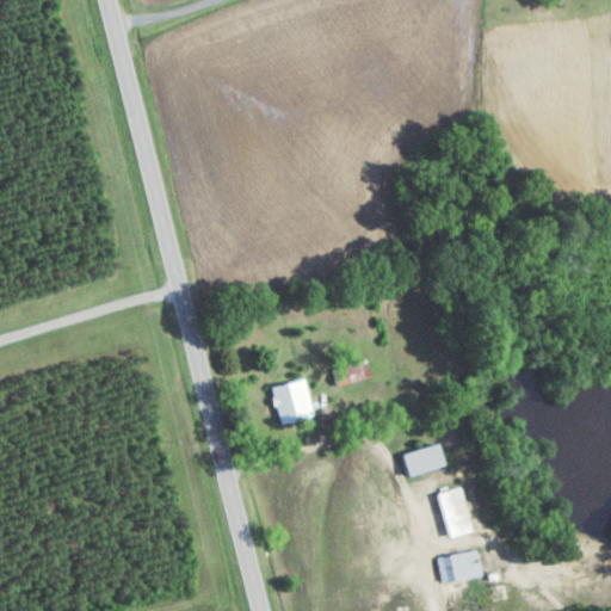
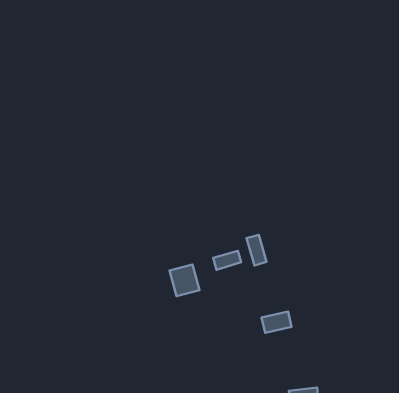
building: none -> [247,235,267,265]
building: [437,488,474,539] -> none

